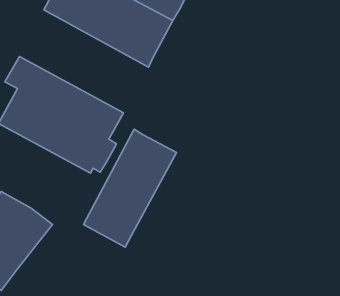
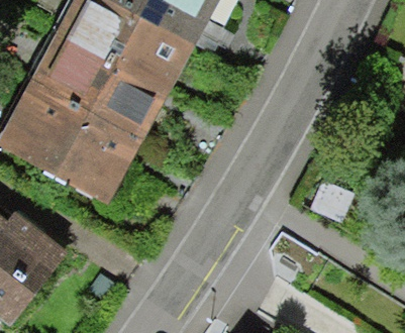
building: none -> [29,29,164,136]
building: [83,129,176,247] -> none

